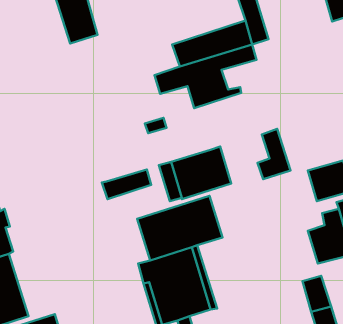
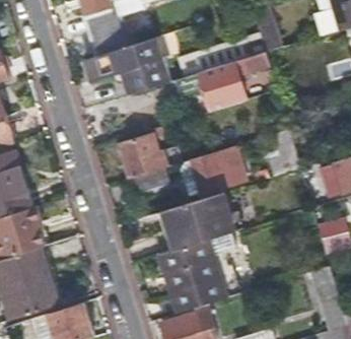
building: none -> [87,40,167,95]
building: none -> [120,136,167,180]

